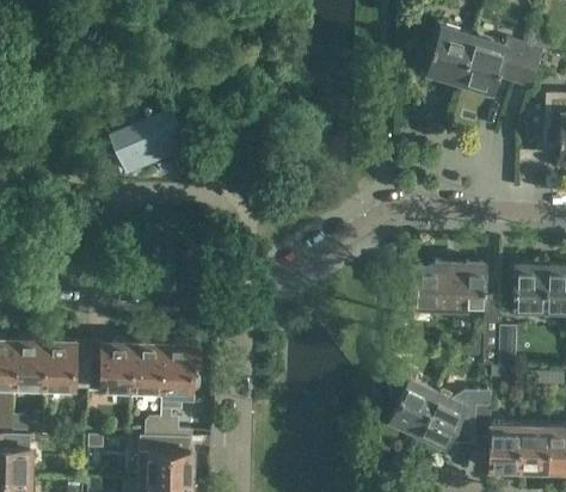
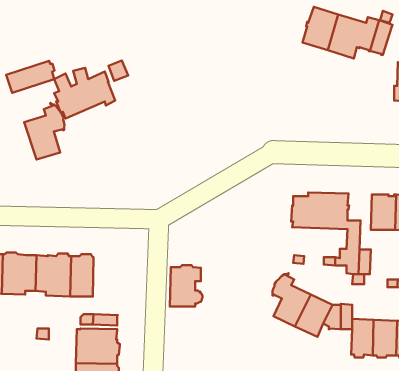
building: none -> [6,61,54,93]
building: none -> [24,103,65,160]
building: [160,344,202,396] -> [170,265,203,306]

